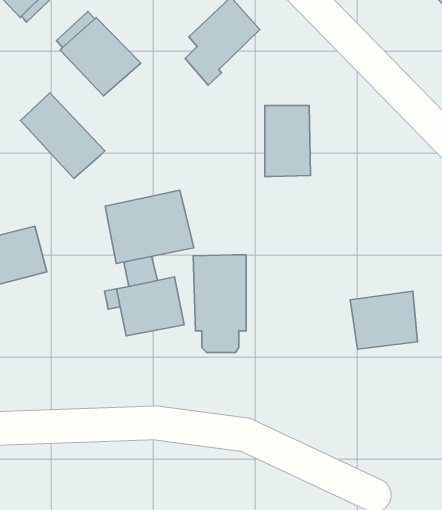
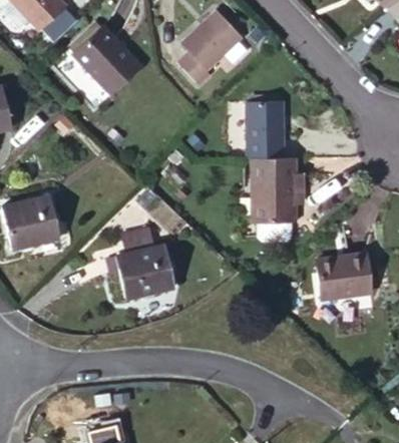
building: [21,93,105,178] -> none
building: [105,190,194,263] -> none
building: [193,255,246,352] -> [250,156,294,238]

